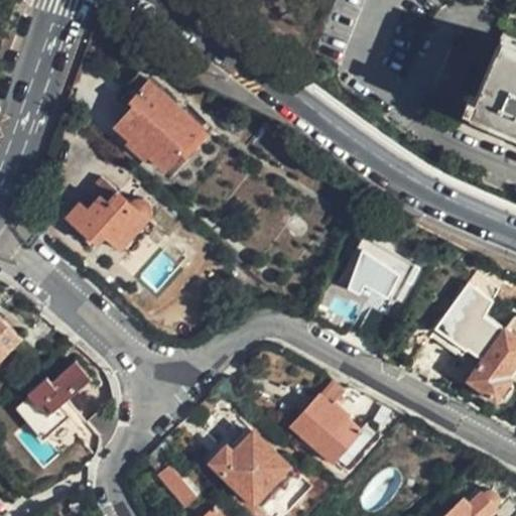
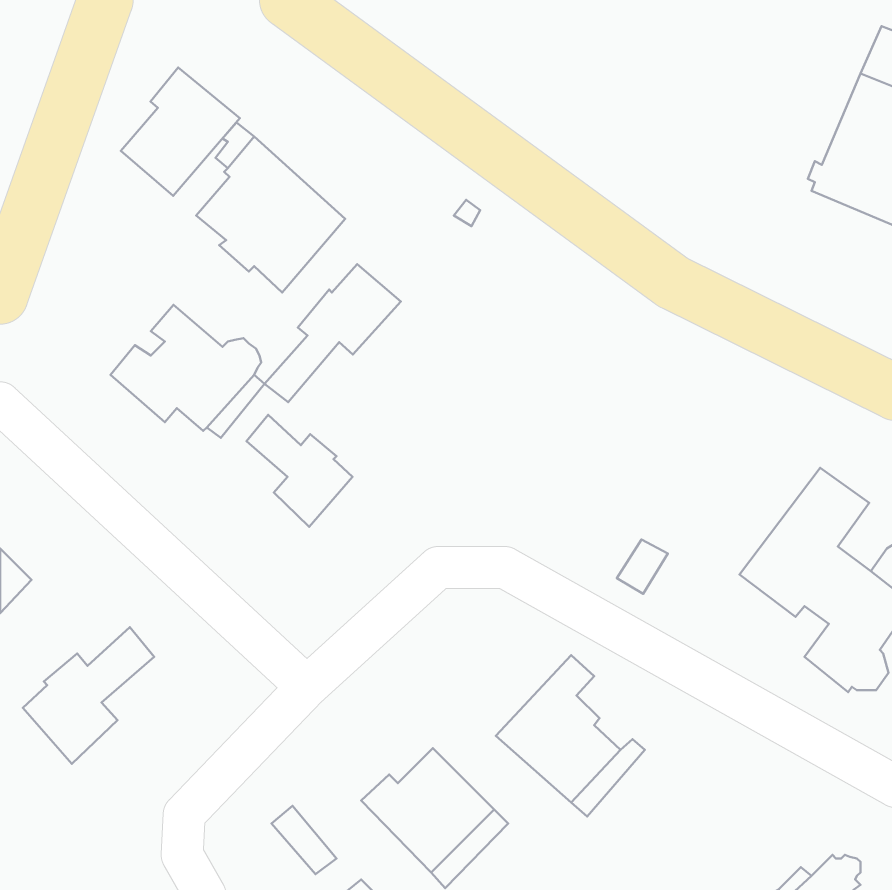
building: none -> [121,67,240,196]
building: none -> [265,264,401,402]
building: [338,237,420,301] -> none
building: none -> [246,415,352,527]

